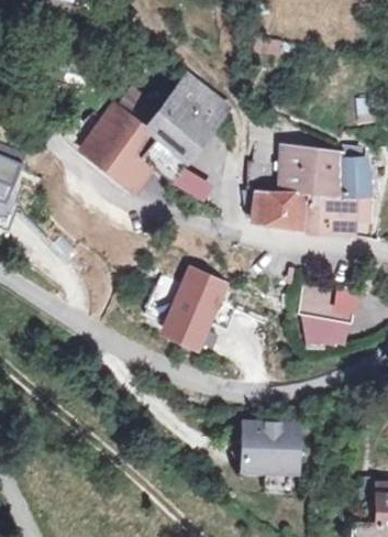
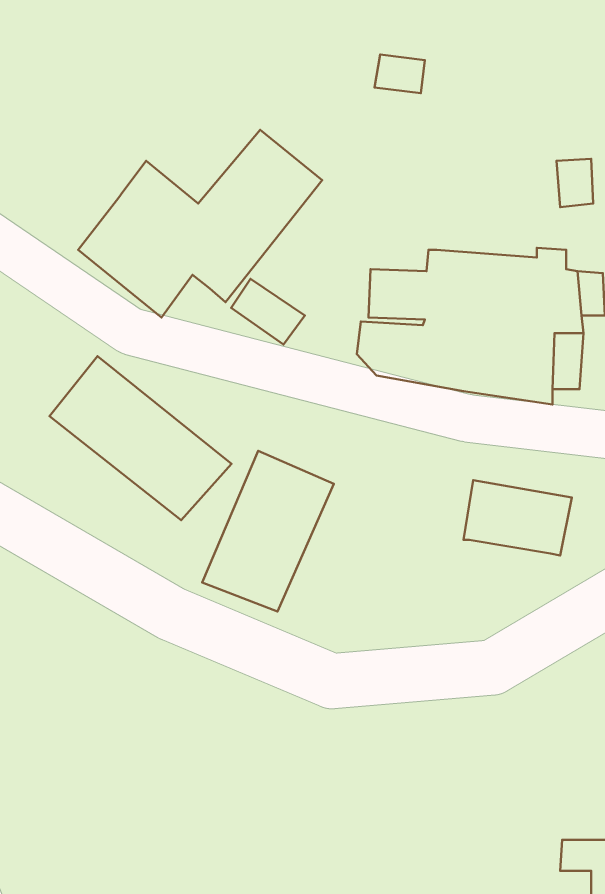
building: none -> [50,356,232,520]
building: [307,313,353,340] -> none
building: [242,421,298,470] -> none

